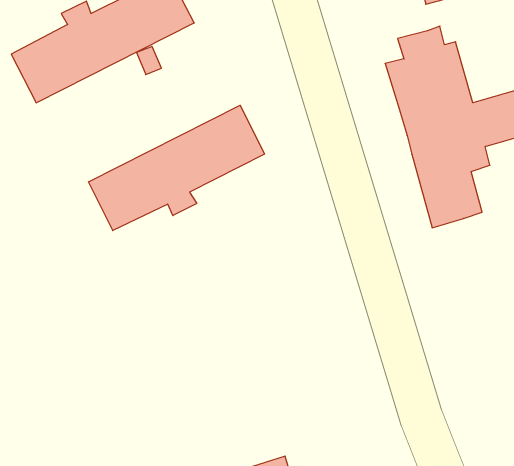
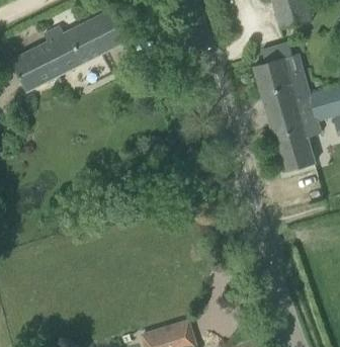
building: [89,105,264,231] -> none

